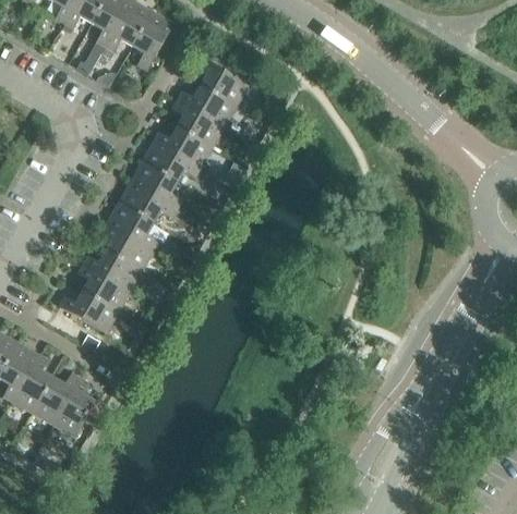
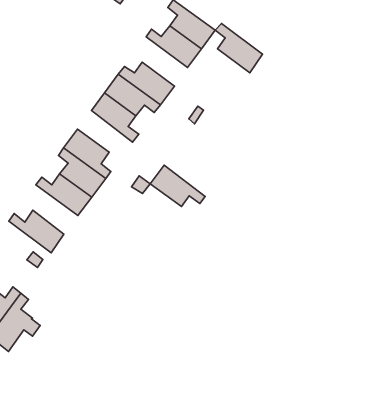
building: [171,100,223,147] -> [215,24,263,73]
building: [118,182,176,222] -> [150,165,205,207]
building: [77,265,129,311] -> none

